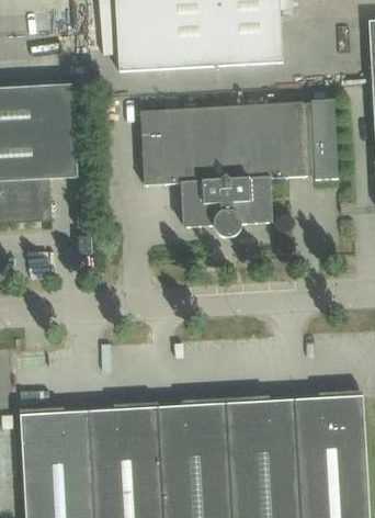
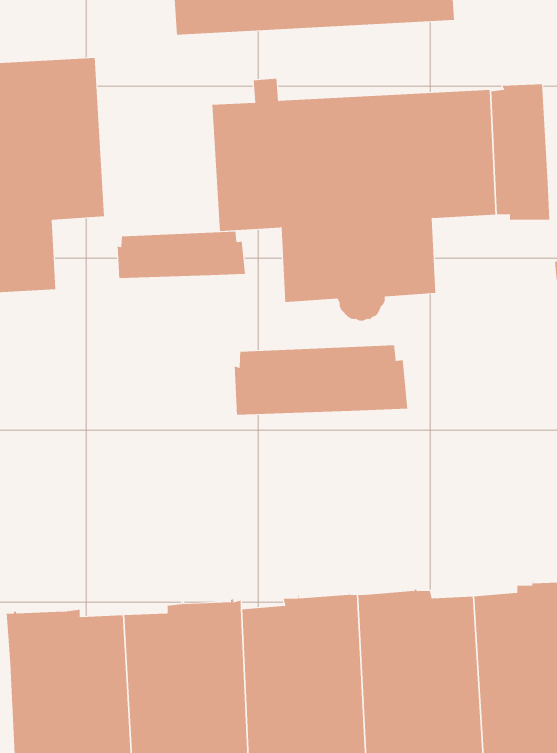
building: none -> [117,231,245,279]
building: none -> [234,344,408,415]

